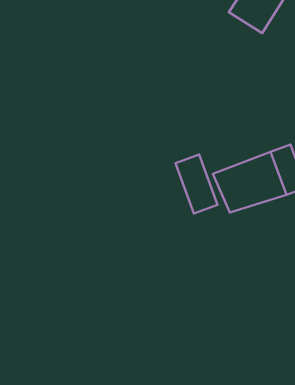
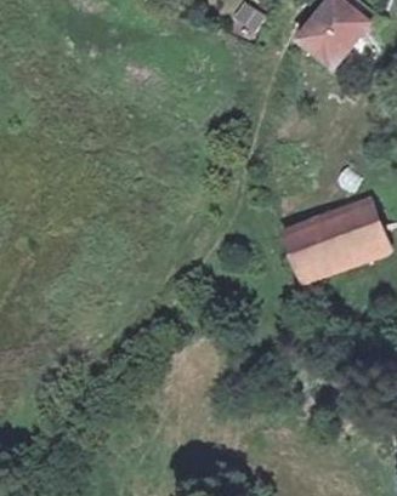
building: [175,154,218,213] -> none

